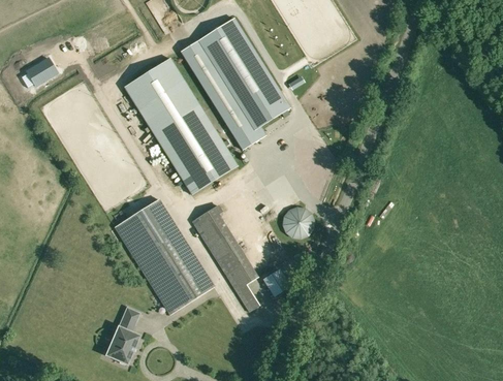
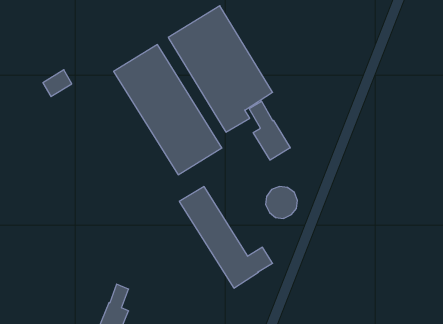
building: [27,58,57,86] -> [43,70,72,97]
building: none -> [249,101,290,160]
building: [115,198,213,313] -> none

